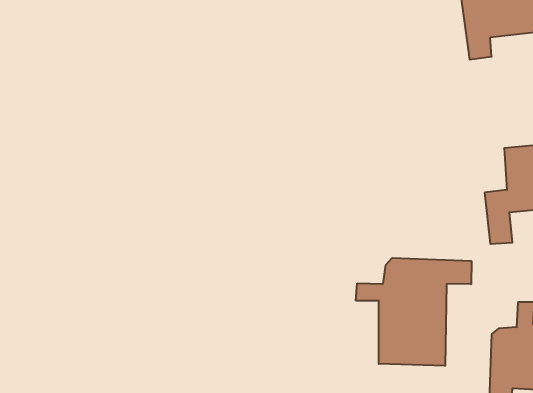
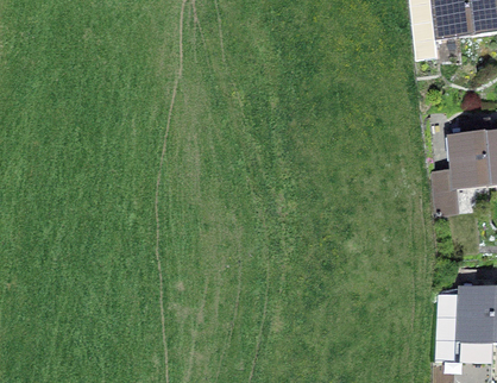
building: [356,258,471,366] -> none

